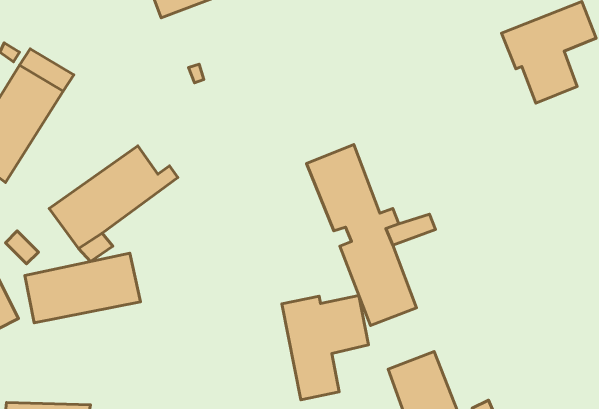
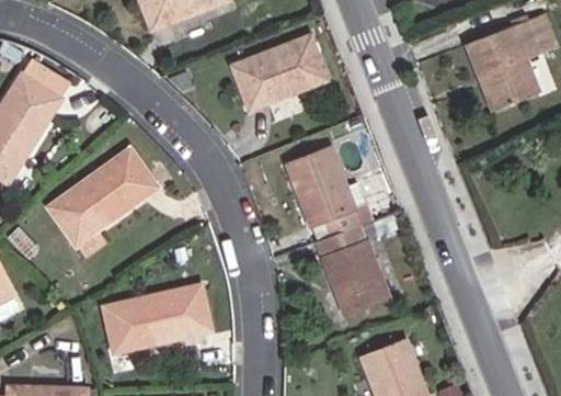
building: none -> [232,37,325,109]
building: [25,253,141,323] -> [103,285,210,350]
building: [282,295,369,400] -> none

